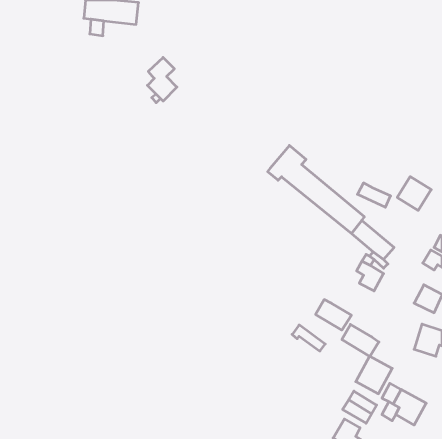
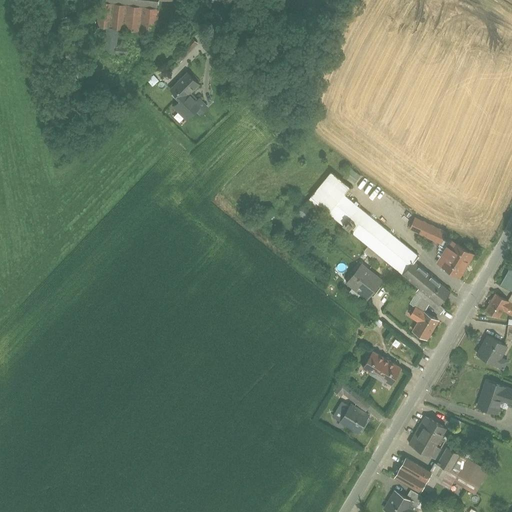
building: [397,177,431,210] -> [436,239,475,278]
building: none -> [345,263,384,301]
building: [342,324,379,356] -> none
building: none -> [339,403,370,433]

